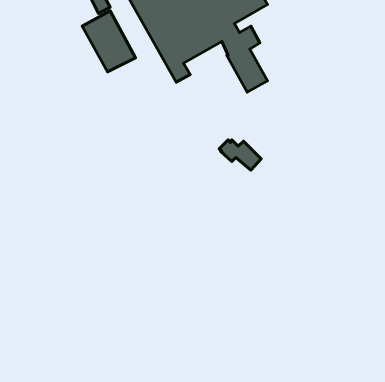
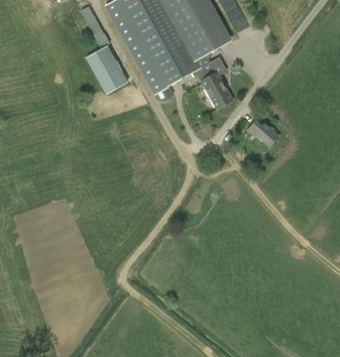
building: [219,140,261,170] -> [245,121,278,145]

